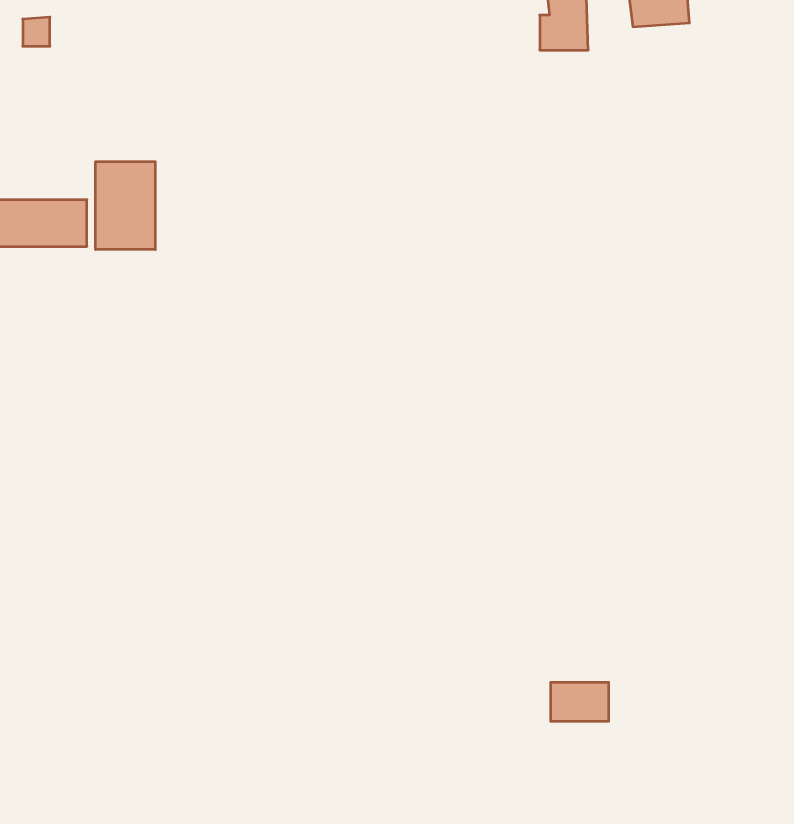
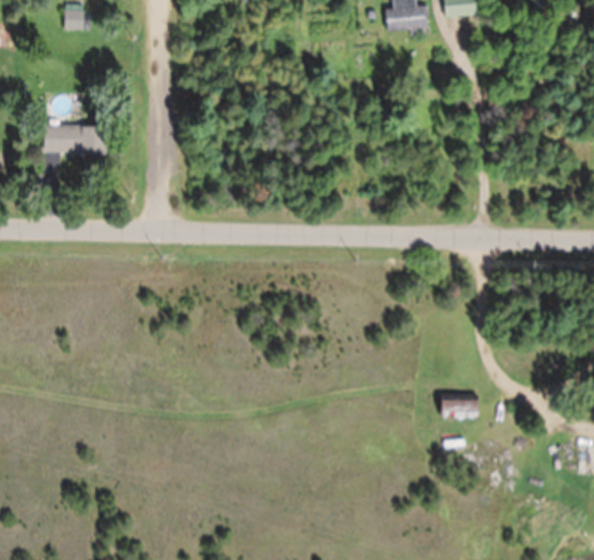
building: [96,162,155,250] -> none
building: [551,682,609,721] -> [441,395,477,419]

